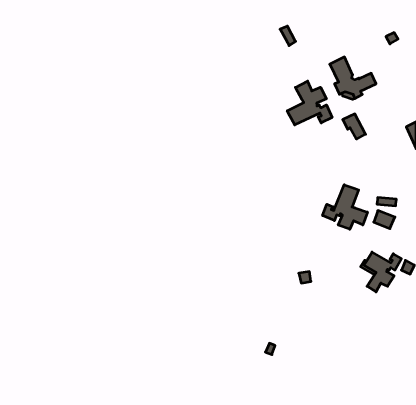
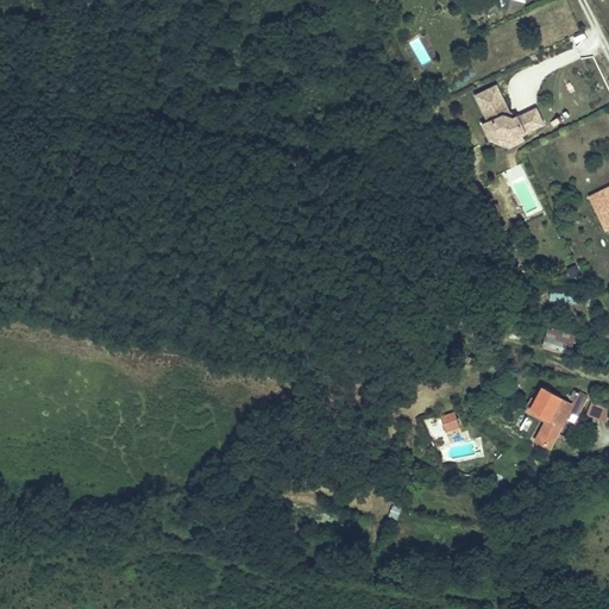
building: [287,81,332,125] -> none
building: [323,185,367,229] -> none

